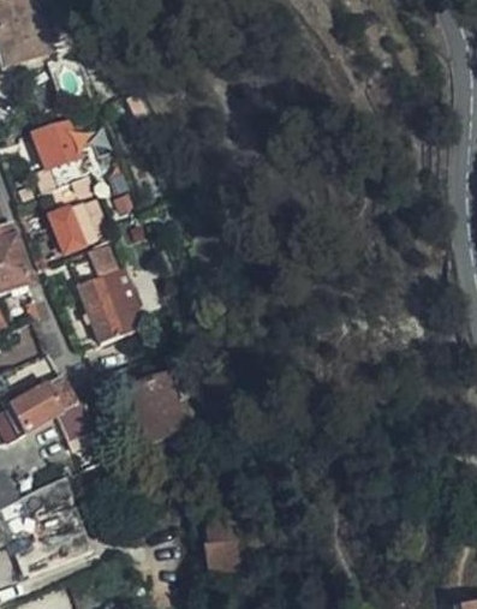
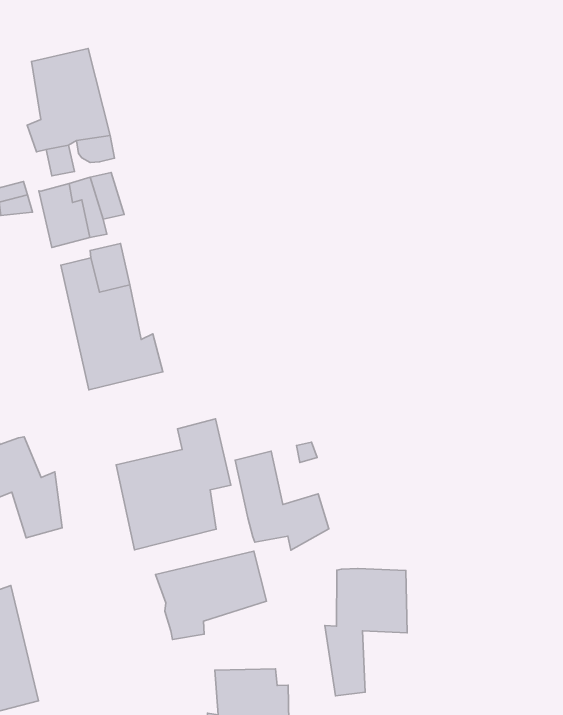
building: none -> [235,451,329,550]
building: none -> [155,551,267,639]
building: none -> [325,569,407,696]

